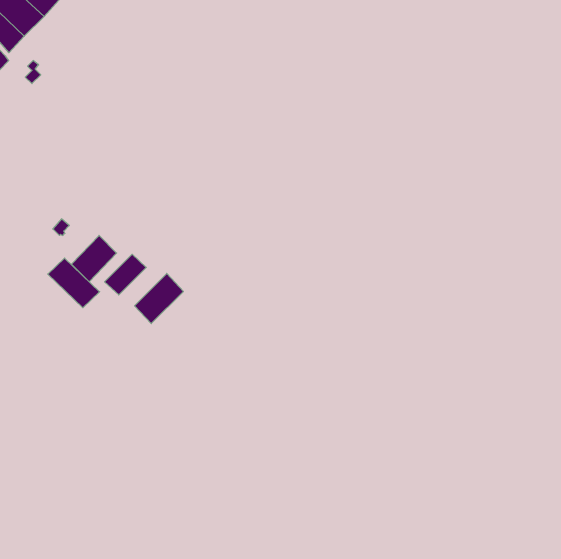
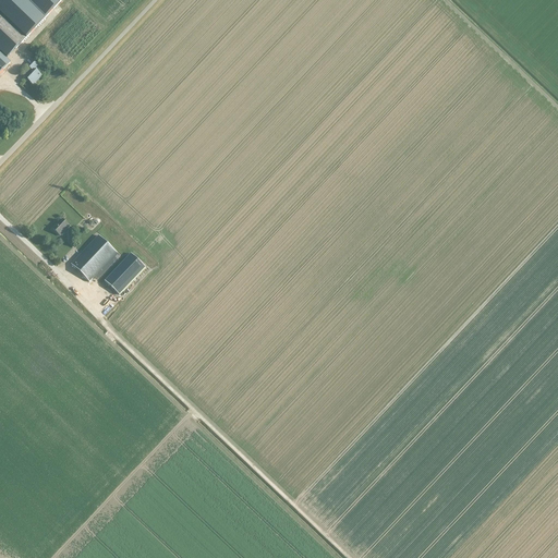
building: [48,258,100,308] -> none
building: [135,273,183,324] -> none

